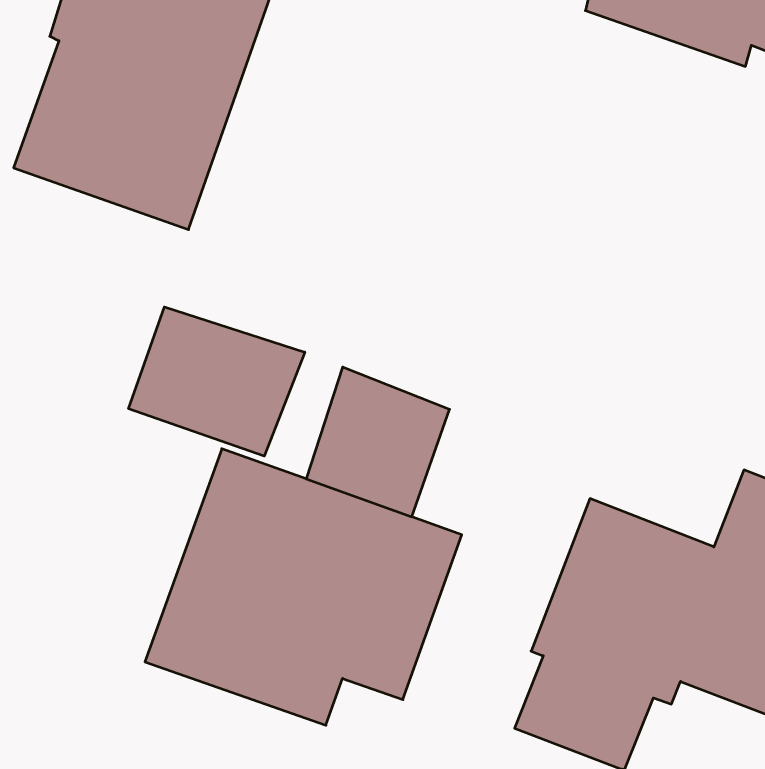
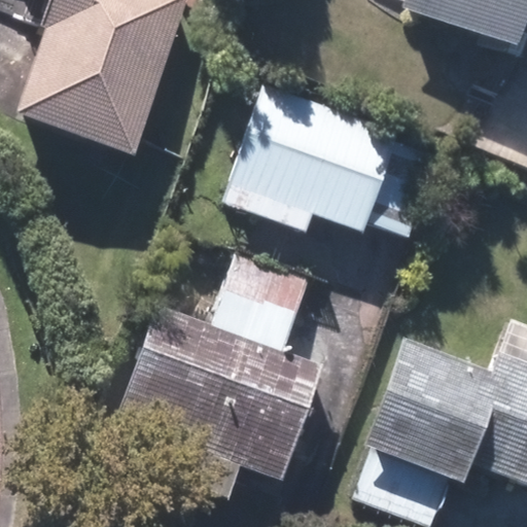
building: none -> [222,84,435,235]
building: [129,307,305,456] -> none

